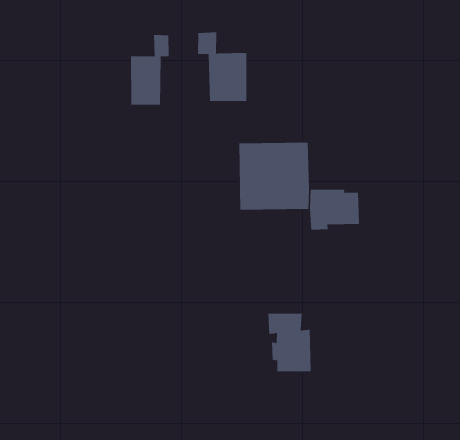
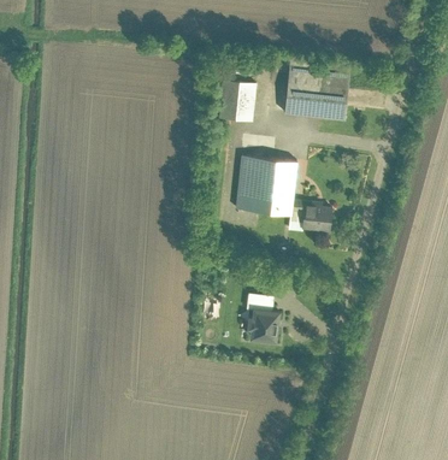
building: none -> [283,60,350,120]
building: [130,34,169,105] -> none

